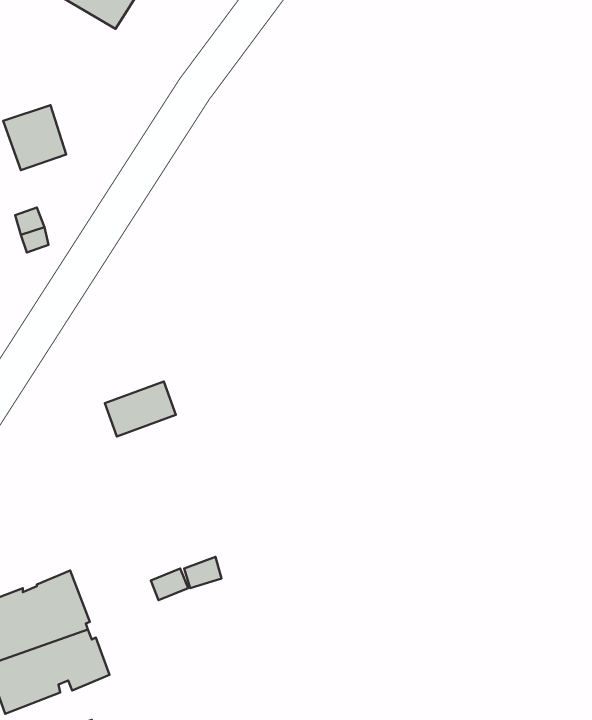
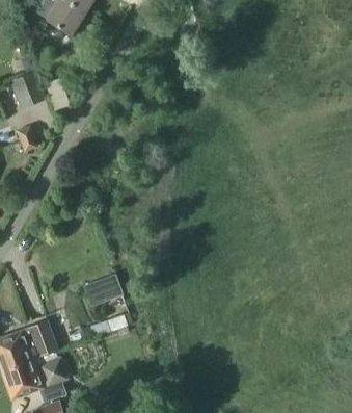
building: [105,382,176,437] -> [85,276,123,305]

